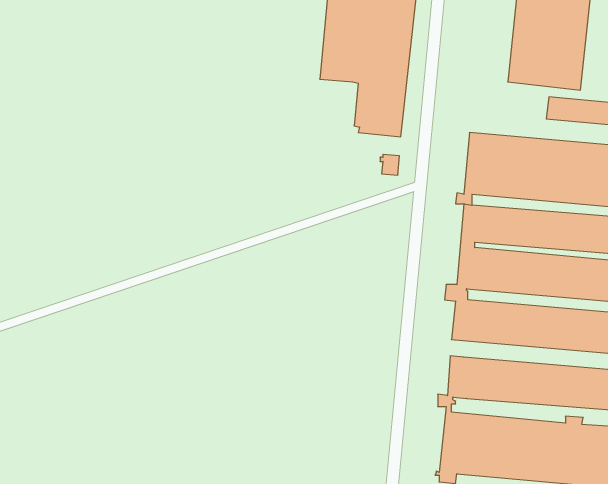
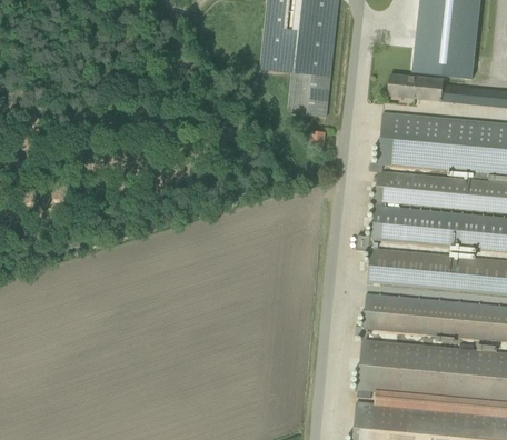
building: none -> [389,73,445,99]

